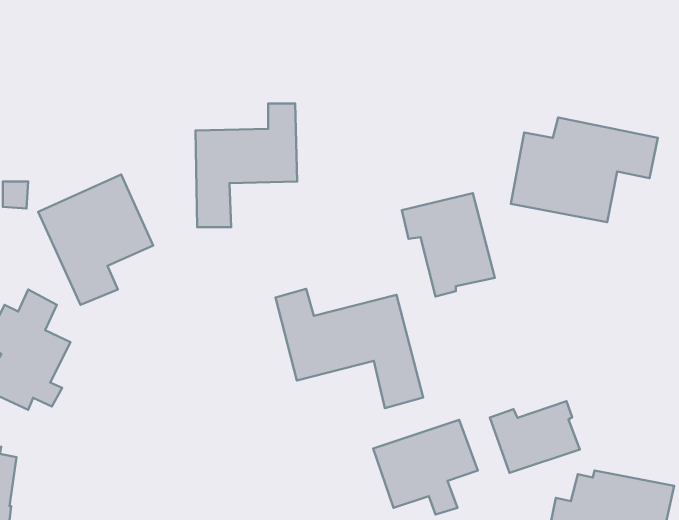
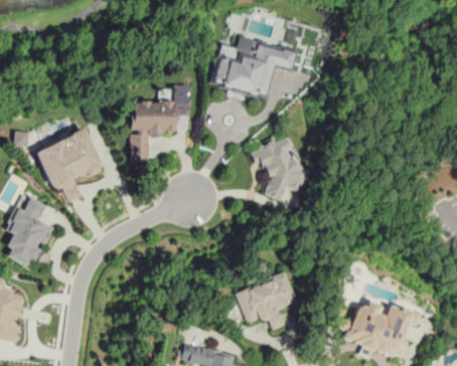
building: [511,117,658,222] -> [209,35,297,98]
building: [276,289,423,408] -> none
building: [490,401,580,473] -> none

